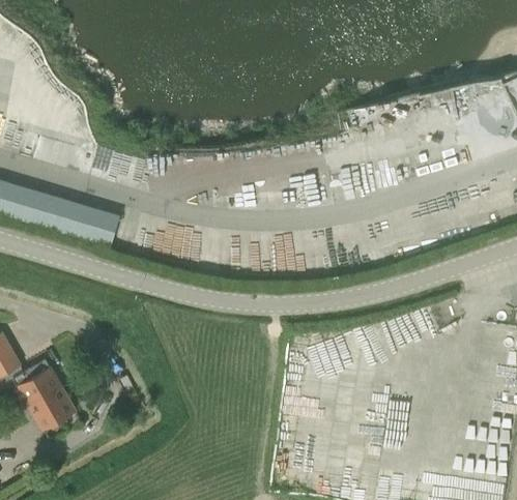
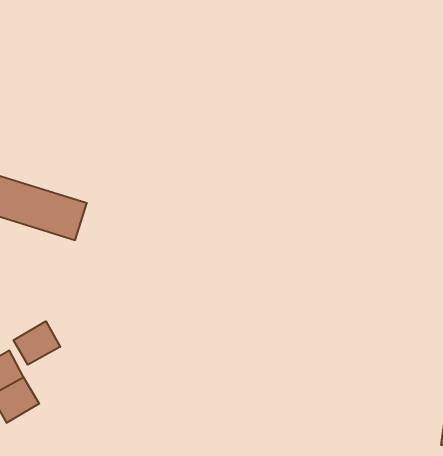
building: none -> [14,321,60,365]

